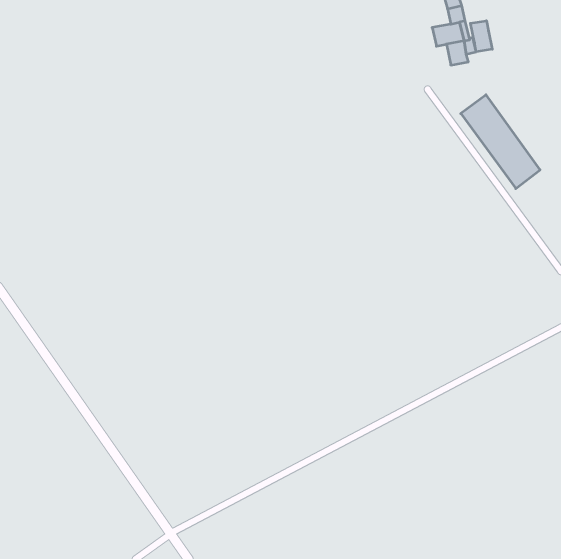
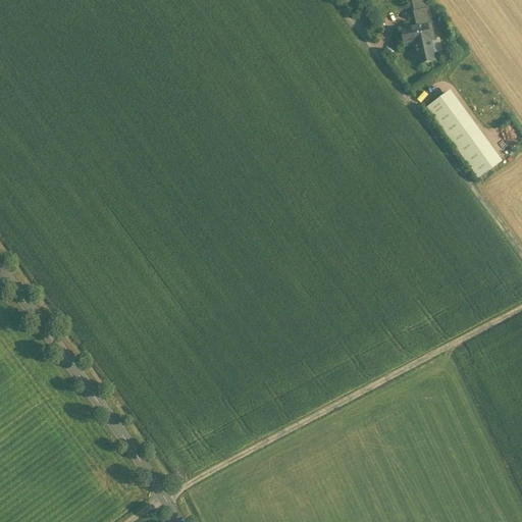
building: [470,21,492,52] -> none

